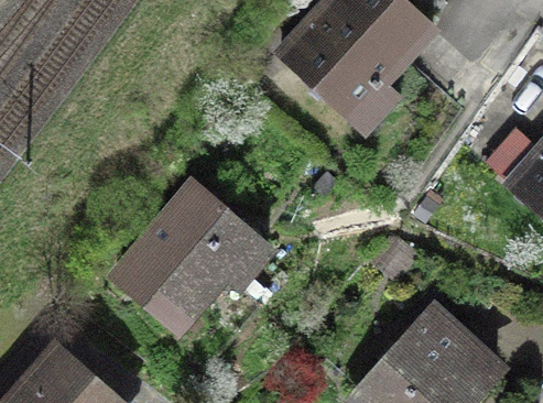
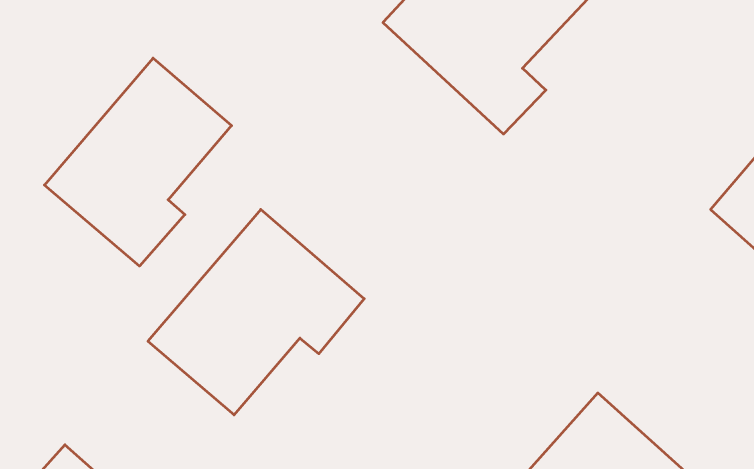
building: none -> [44,58,232,266]

